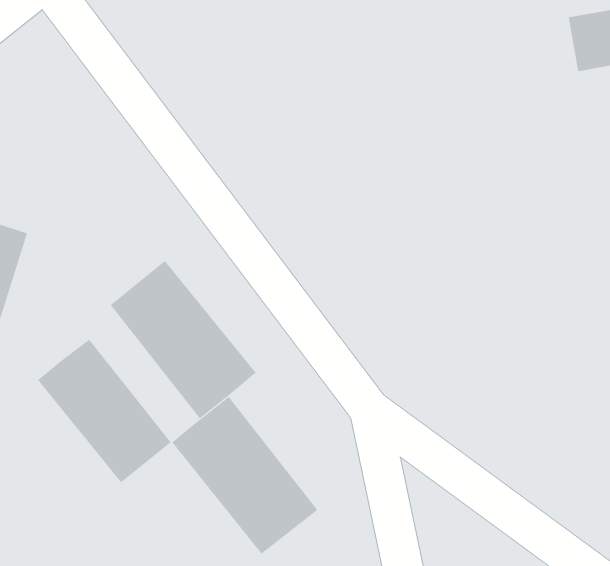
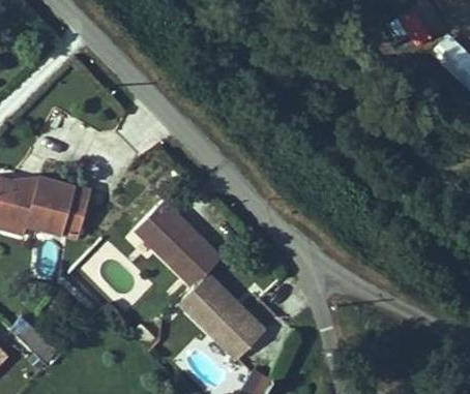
building: [37,339,172,483] -> none

